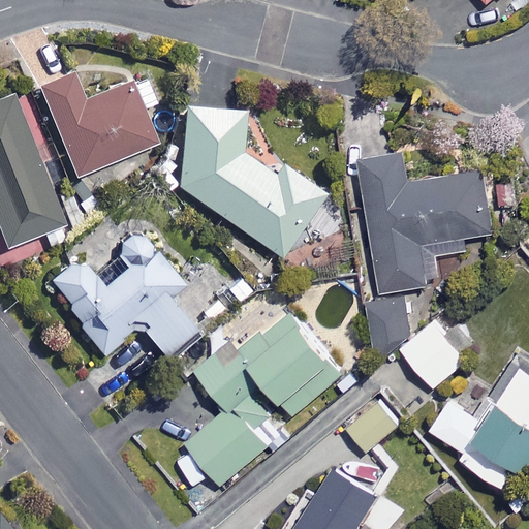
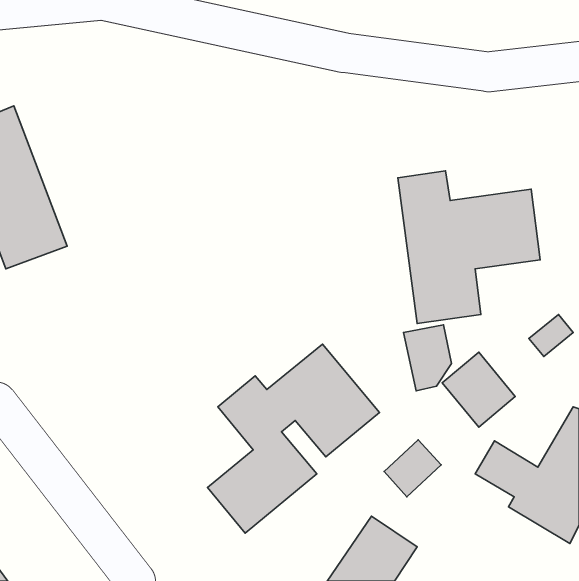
building: [35,73,170,177] -> none
building: [181,106,319,253] -> none
building: [51,232,192,354] -> none

